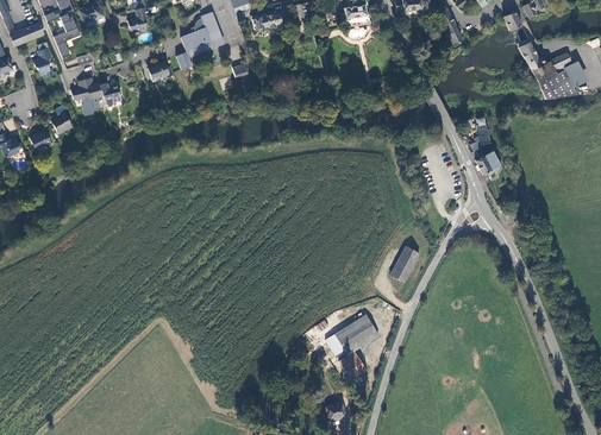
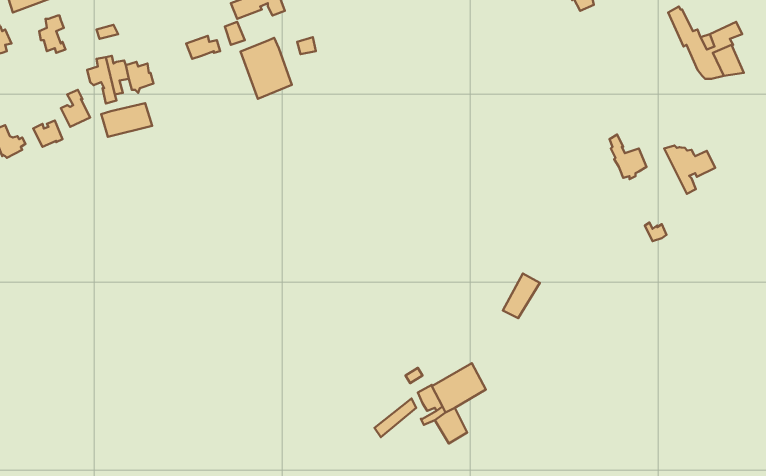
building: none -> [240,38,292,99]
building: none -> [101,103,152,137]
building: none -> [664,145,715,194]

